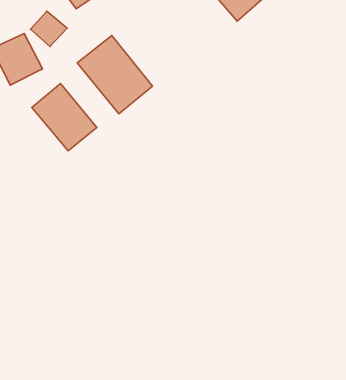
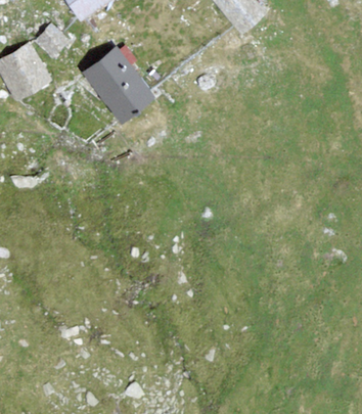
building: [32,83,97,151] -> none

